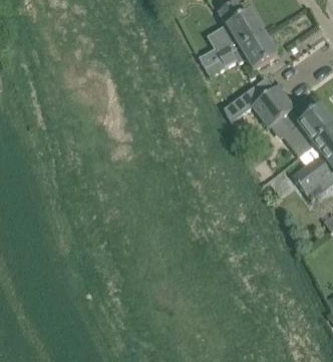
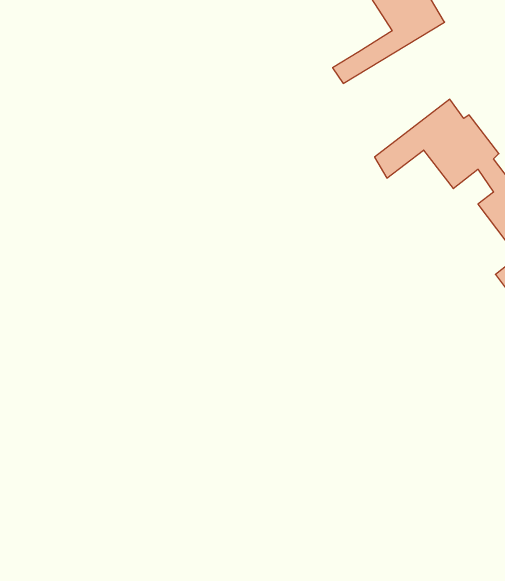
building: [206,32,278,76] -> none

